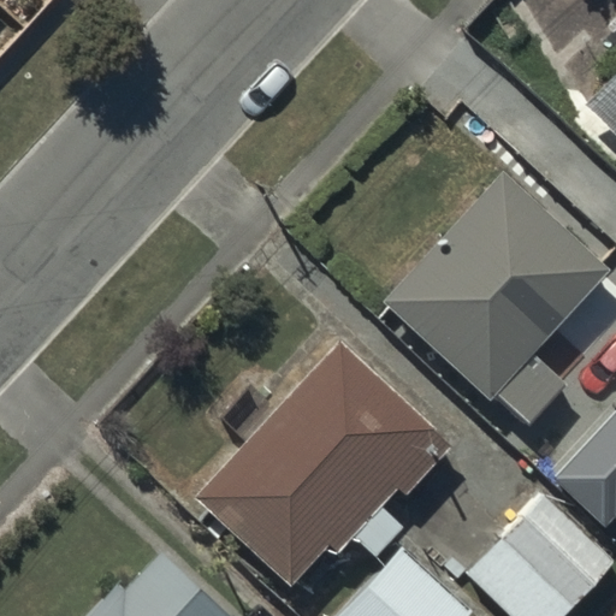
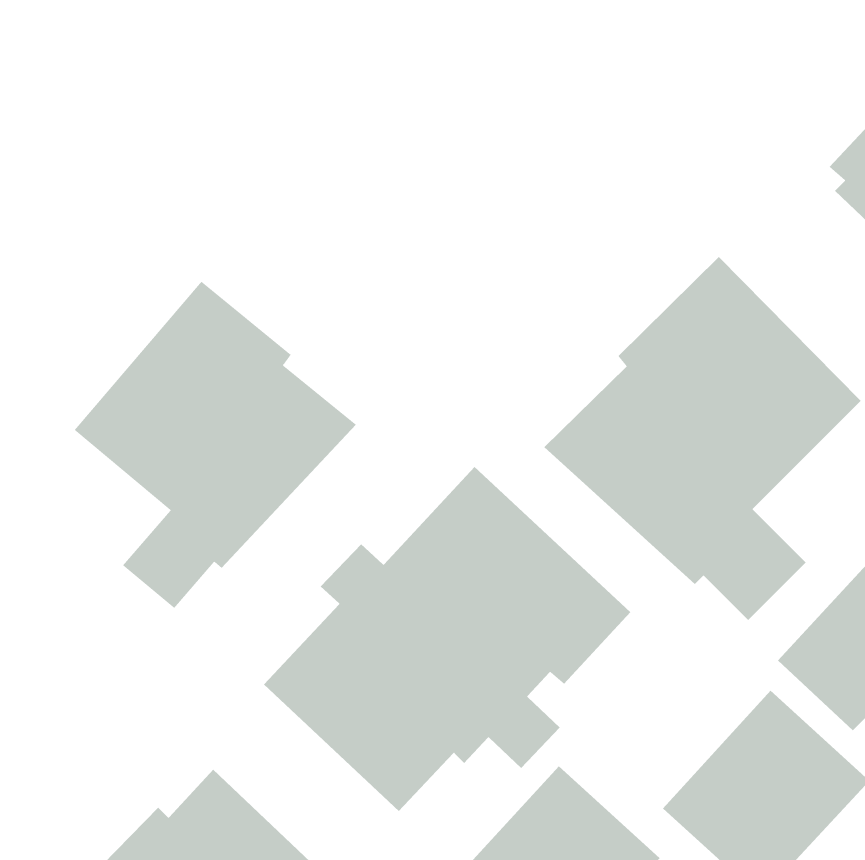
building: none -> [74,281,357,609]

